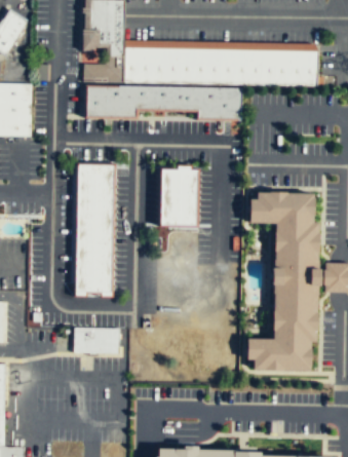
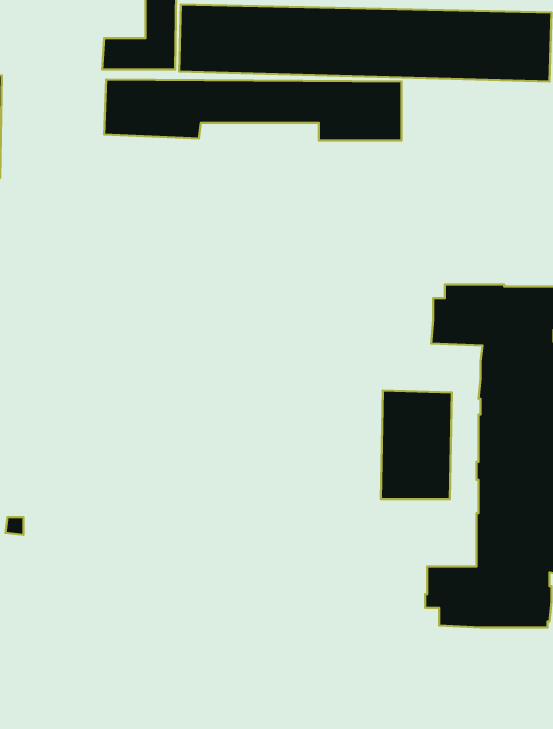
building: [71,164,110,292] -> none
building: [155,167,192,224] -> [381,391,452,499]
building: [74,329,121,354] -> none

